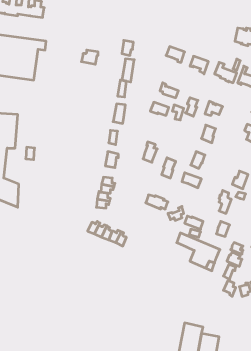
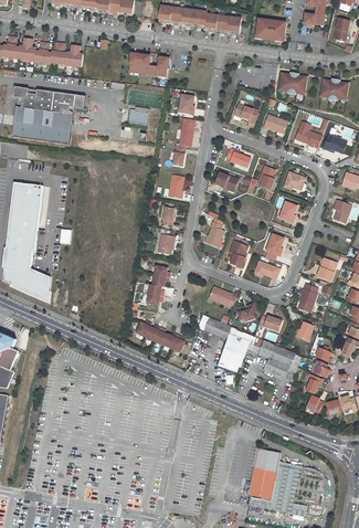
building: none -> [128,53,169,75]
building: none -> [278,72,307,94]
building: none -> [198,314,252,373]

